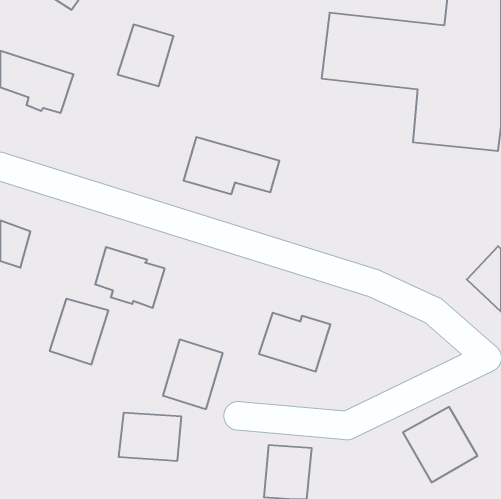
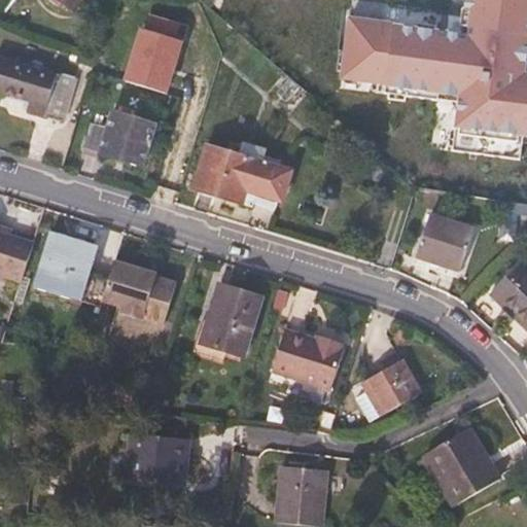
building: none -> [82,109,159,167]
building: none -> [415,213,475,271]
building: [50,299,108,364] -> [33,231,95,300]
building: [163,340,223,409] -> [201,282,264,355]
building: none -> [360,368,407,417]

